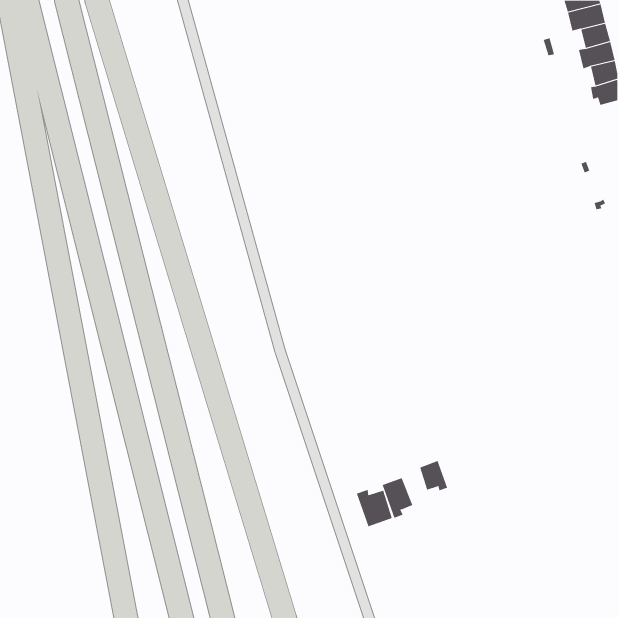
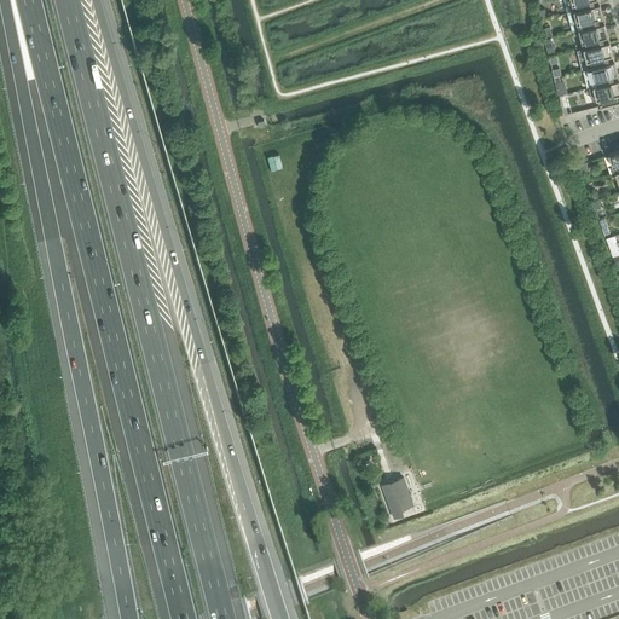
building: [419,460,448,491] -> none
building: [356,489,393,527] -> none

